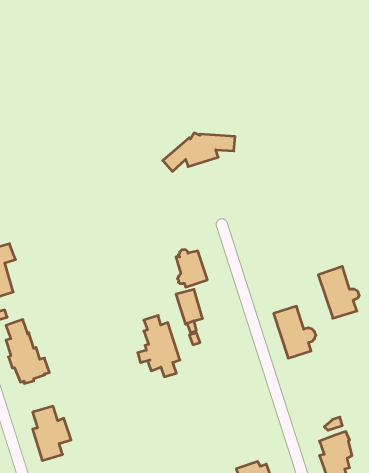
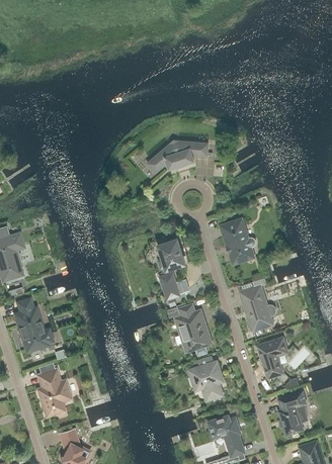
building: [318,266,359,318] -> [222,219,256,263]
building: [138,315,180,377] -> [175,305,211,357]
building: none -> [258,338,287,377]
building: none -> [190,362,223,400]

